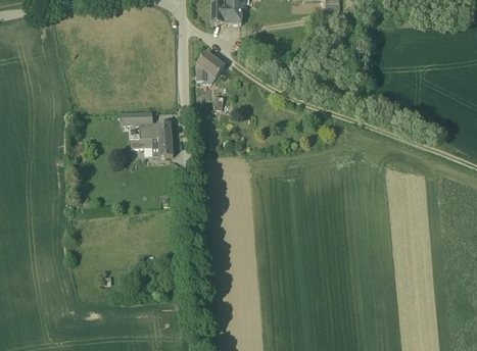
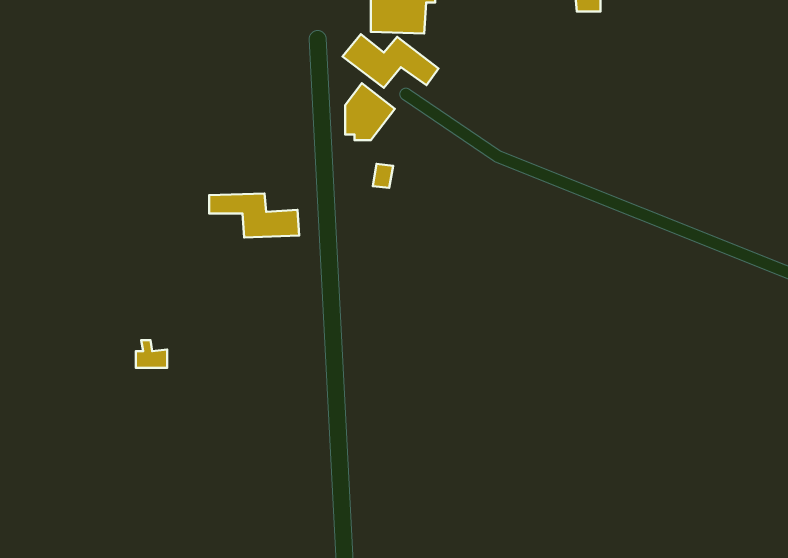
building: none -> [343,34,439,88]
building: [123,136,173,156] -> none

